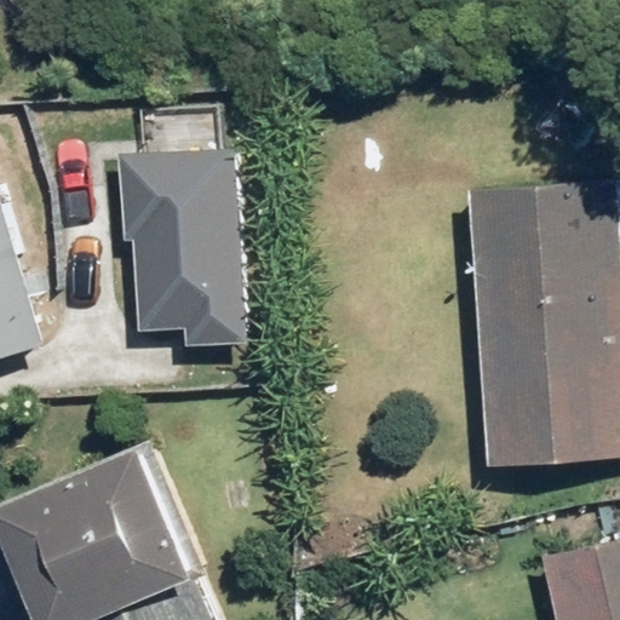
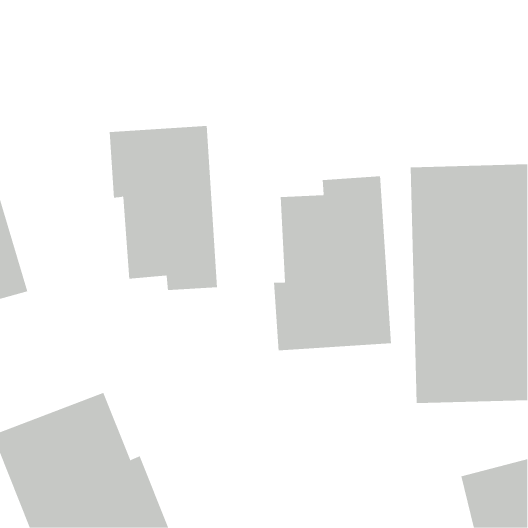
building: none -> [274,175,391,351]

